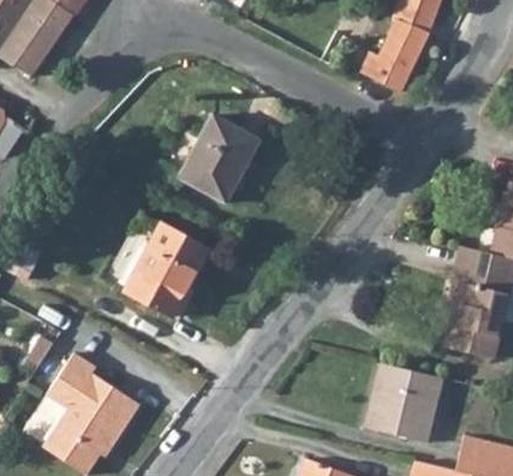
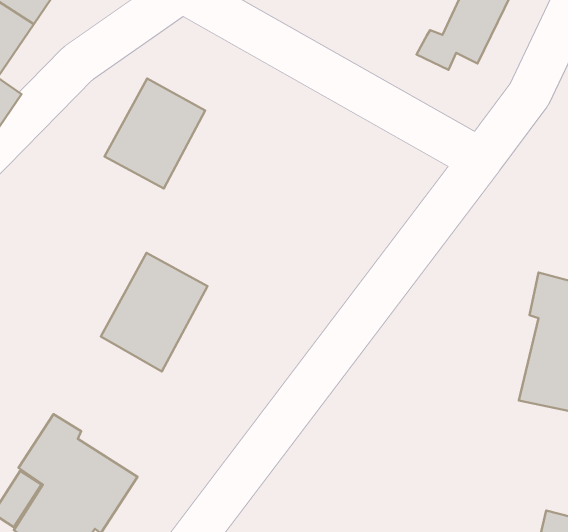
building: [181,113,261,200] -> [104,79,205,188]
building: [364,363,443,442] -> none

